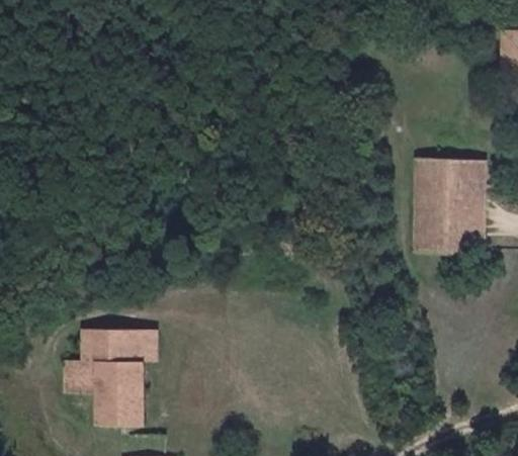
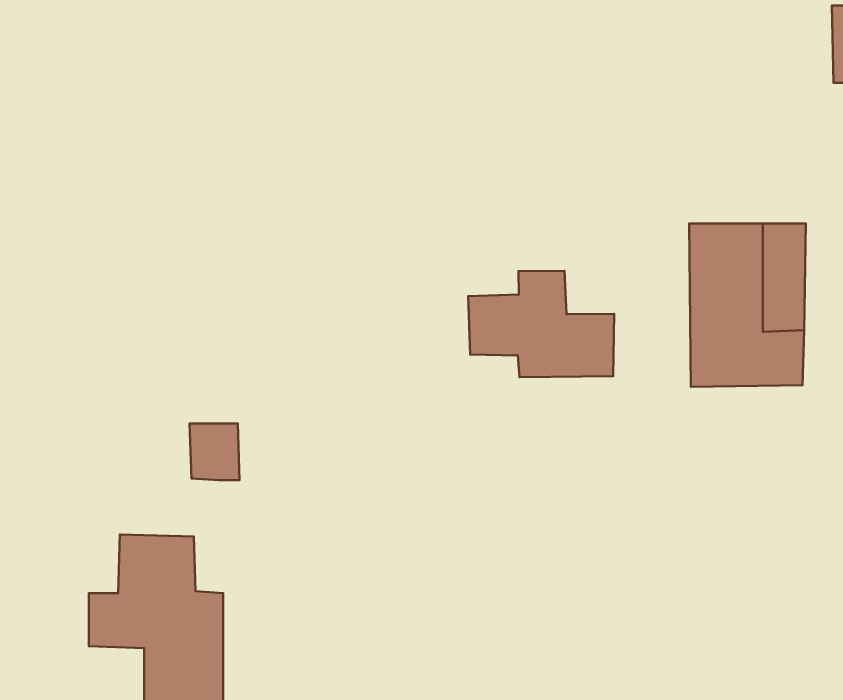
building: none -> [468,271,614,377]
building: [125,331,155,364] -> [190,423,239,480]

